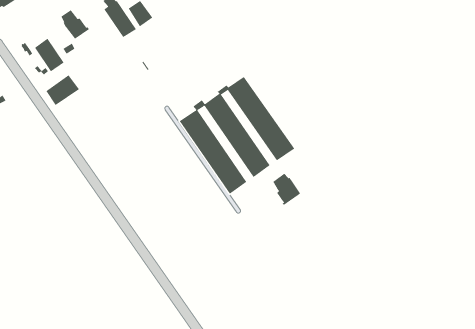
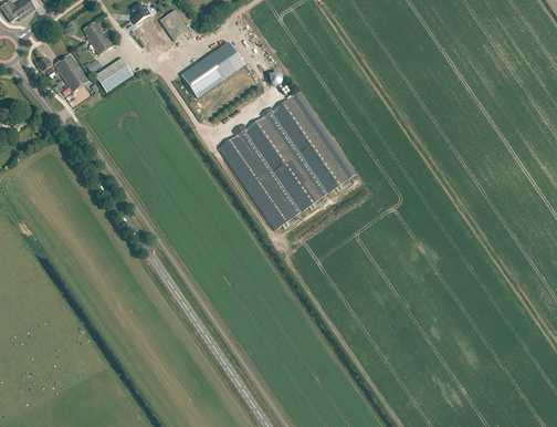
building: none -> [181,42,244,97]
building: [45,75,80,106] -> [95,56,134,92]
building: [273,173,301,206] -> none

